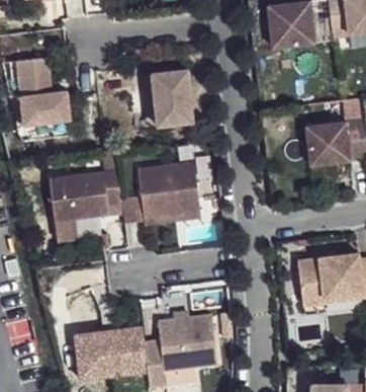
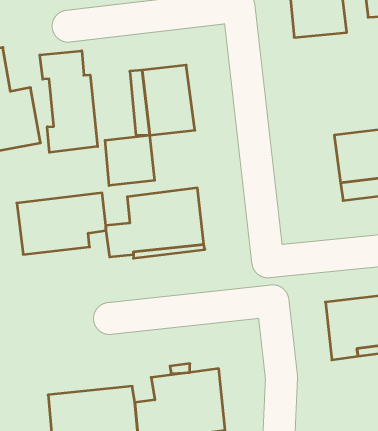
building: none -> [40,51,98,152]
building: none -> [105,135,155,186]

